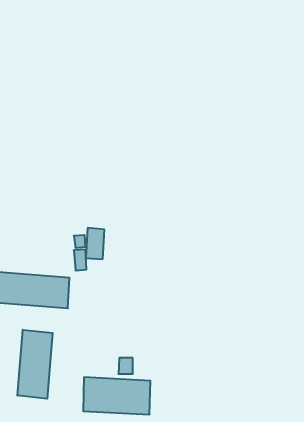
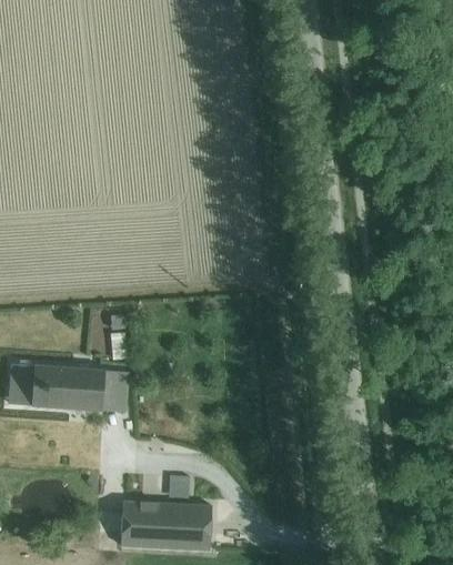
building: [86,228,104,259] -> [102,370,127,411]
building: [17,330,53,399] -> none

